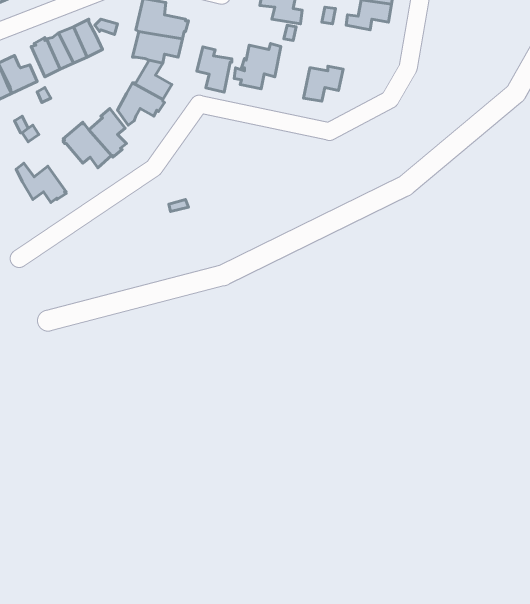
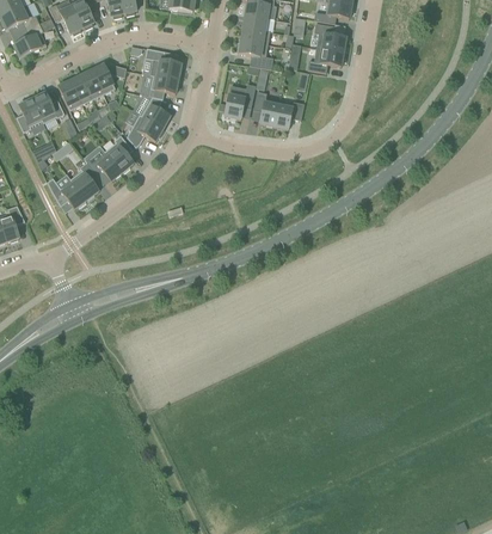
building: [197,47,232,92] -> [252,90,279,125]
building: none -> [69,161,99,200]

